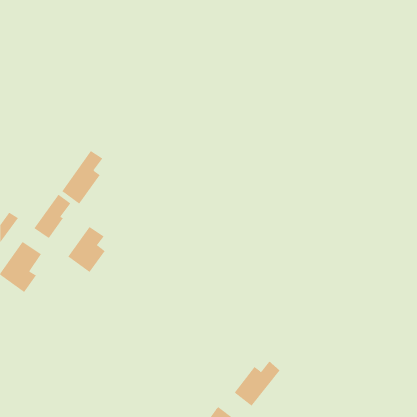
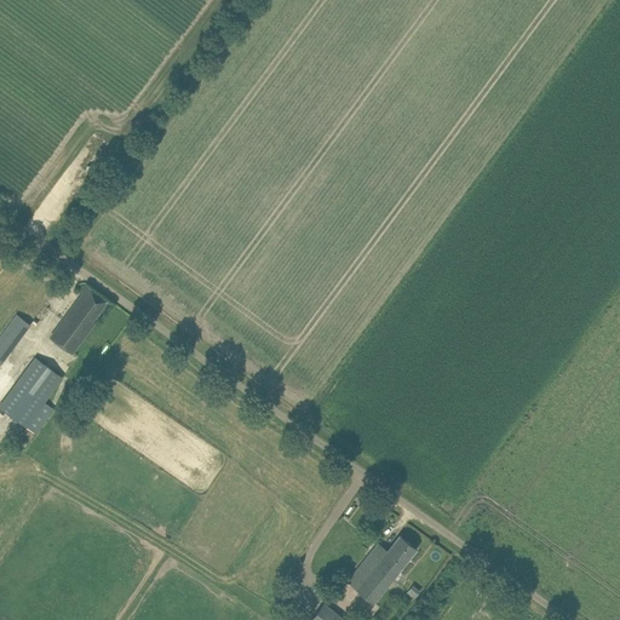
building: [61,150,103,204] -> none
building: [68,226,106,273] -> none

